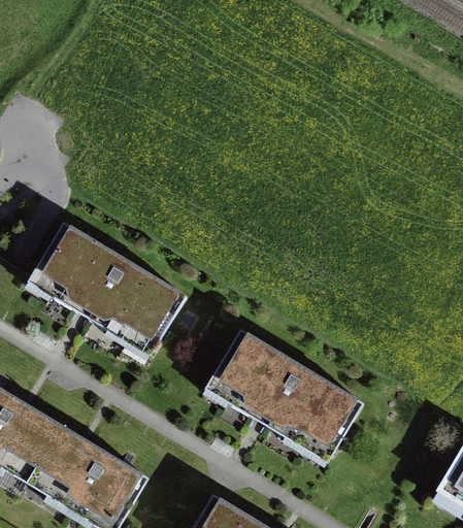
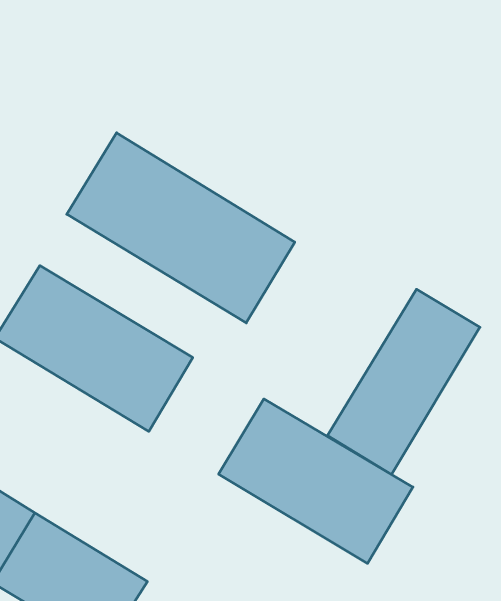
building: none -> [67,133,295,323]
building: none -> [328,289,480,474]

